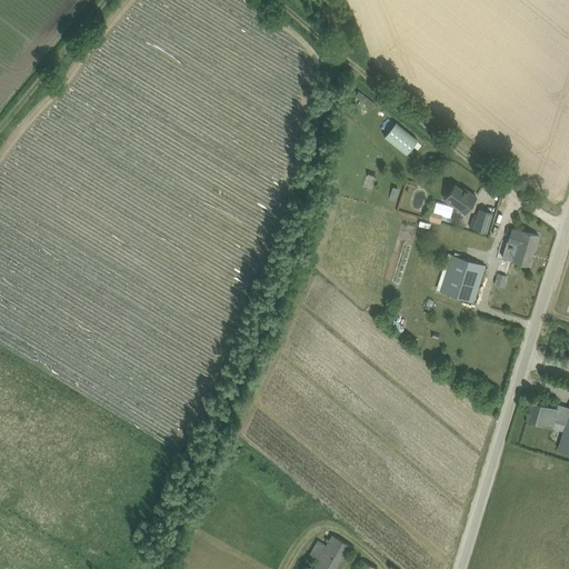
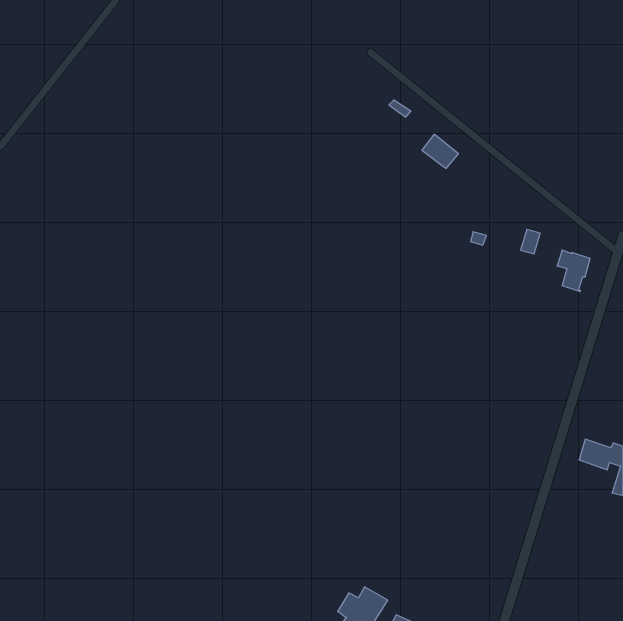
building: [446,187,477,214] -> none
building: [440,257,486,303] -> none

